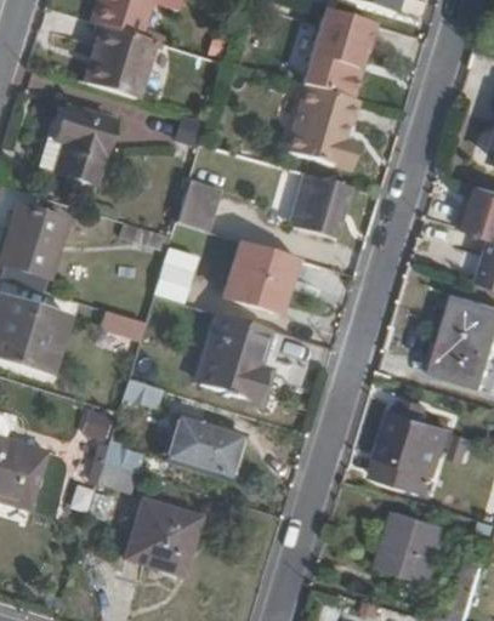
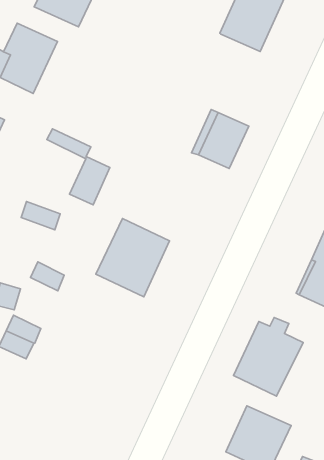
building: [284,84,359,169] -> none
building: [176,178,220,230] -> none
building: [222,240,297,314] -> none
building: [164,414,244,479] -> none
building: [124,498,200,575] -> none

